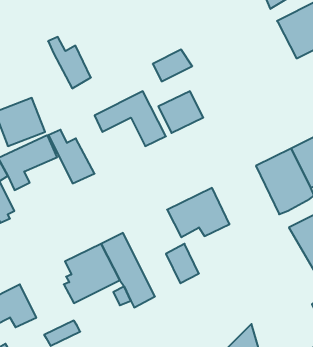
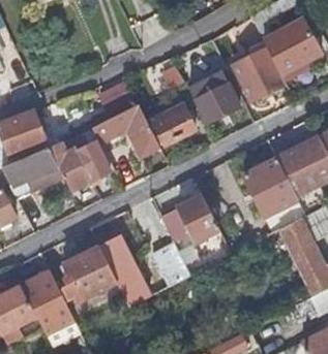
building: none -> [233,38,288,100]
building: [48,37,91,88] -> [69,132,110,181]
building: none -> [187,70,239,123]
building: none -> [22,271,65,317]

